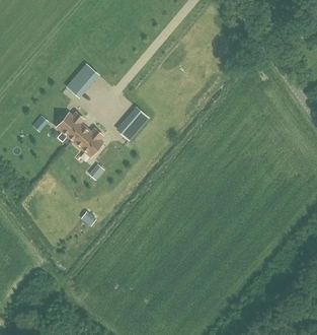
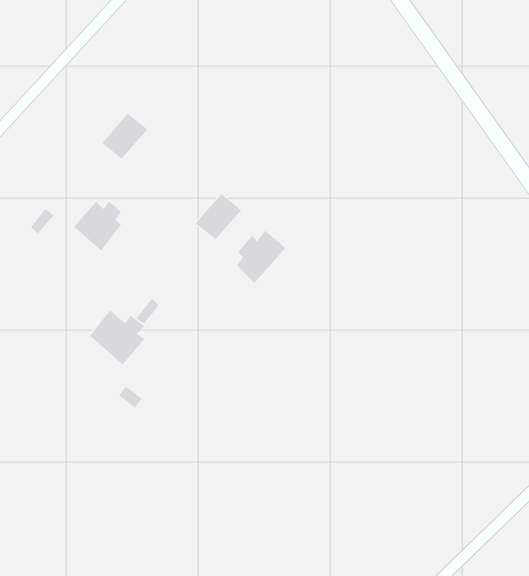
building: [71,125,101,155] -> [89,309,145,365]
building: none -> [236,230,286,284]

